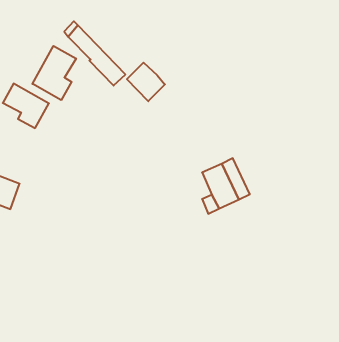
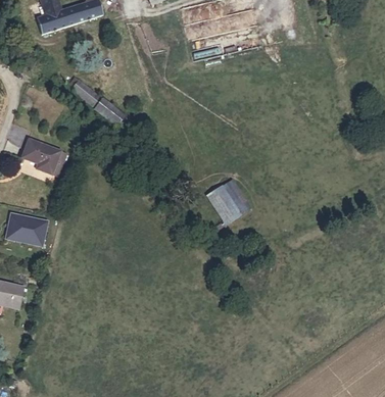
building: [32,46,76,100] -> none
building: [127,63,165,101] -> none

